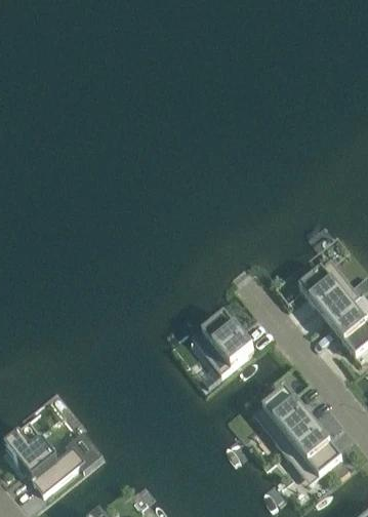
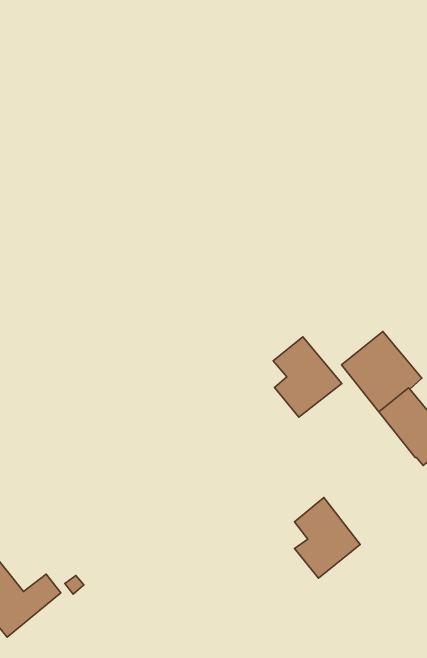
building: [200,311,252,372] -> [273,337,342,417]
building: [280,422,347,476] -> none

